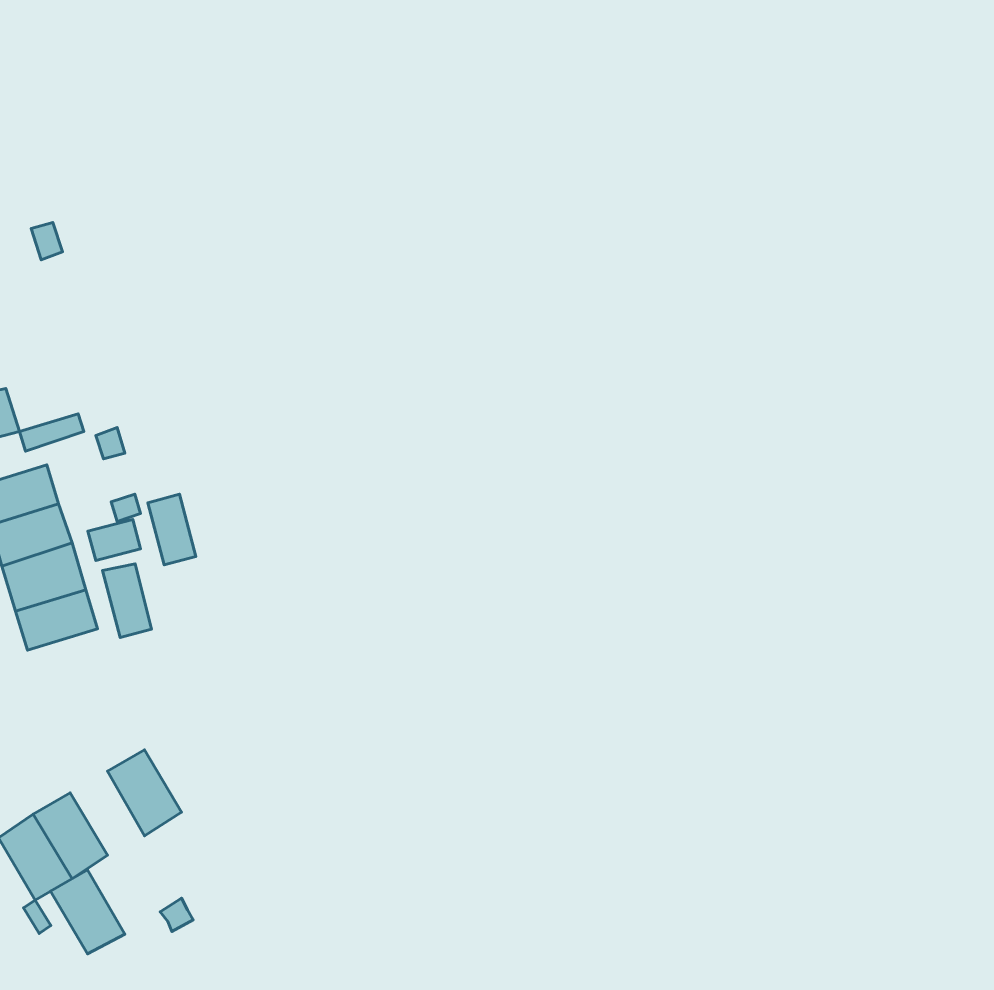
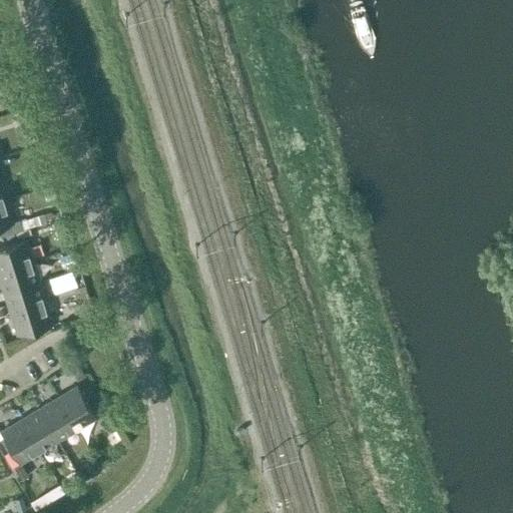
building: [148,494,196,565] -> none
building: [103,564,152,637] -> none
building: [50,870,125,954] -> [36,400,74,443]

